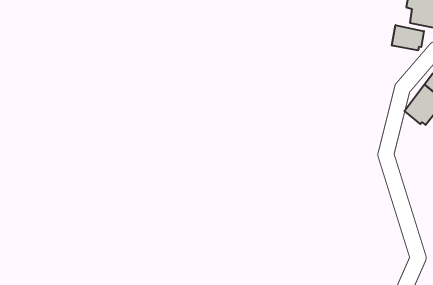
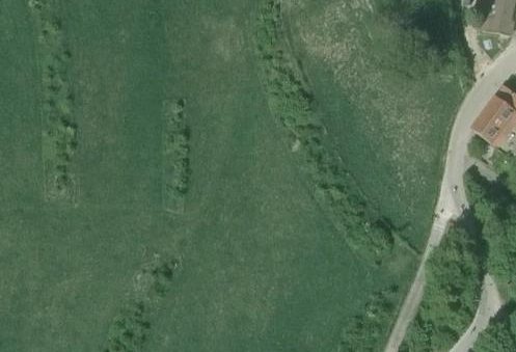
building: [392,25,424,50] -> none

